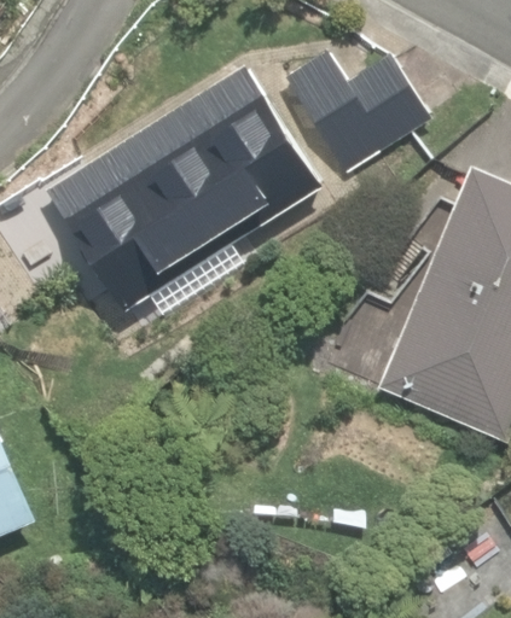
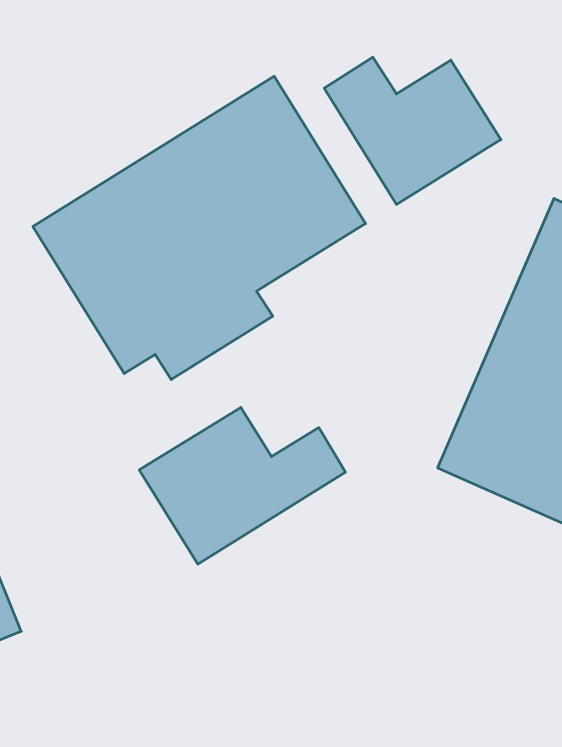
building: none -> [139,407,345,564]

